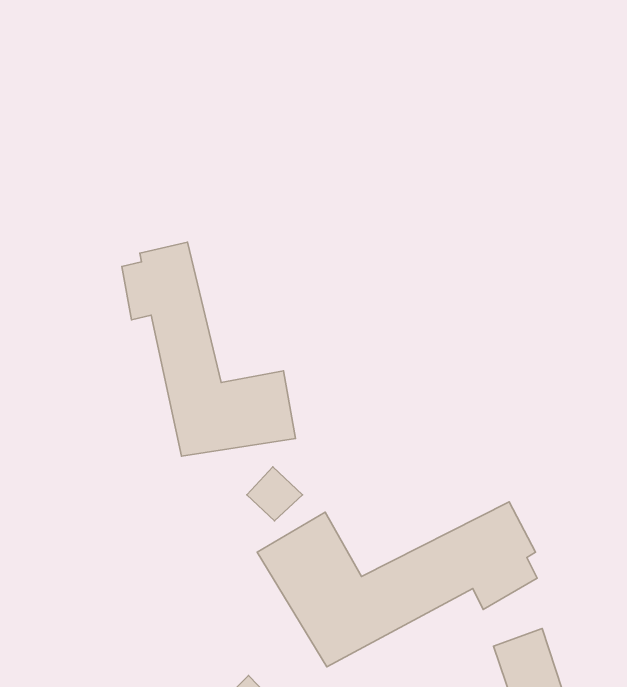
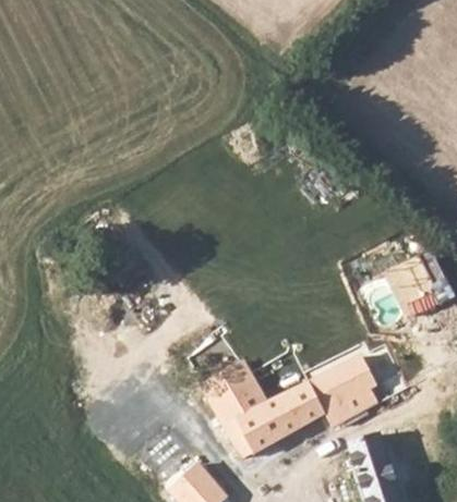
building: [122,242,295,456] -> none

